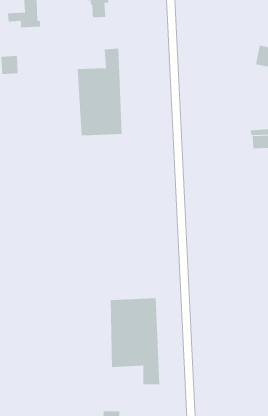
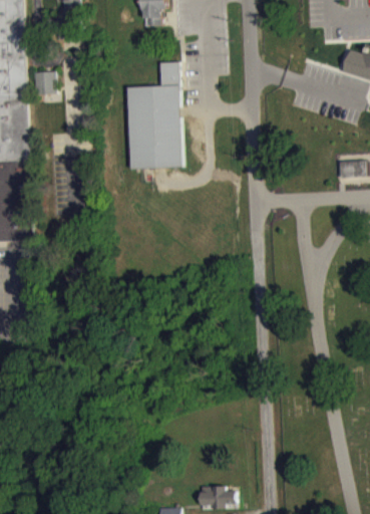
building: [110,298,160,385] -> none
building: none -> [200,483,237,507]

